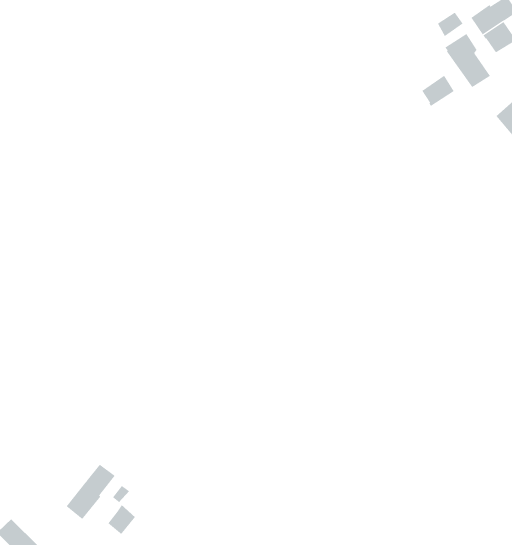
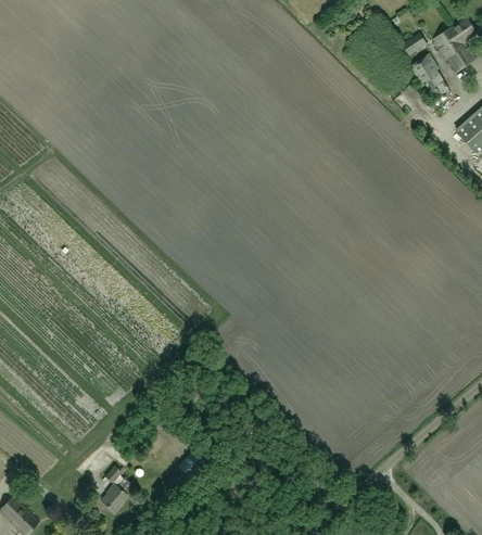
building: [421,75,455,107] -> none
building: [66,464,115,520] -> none

